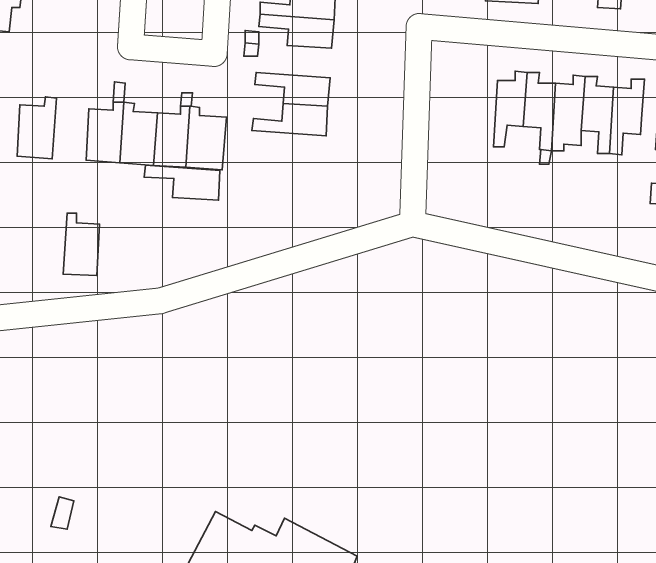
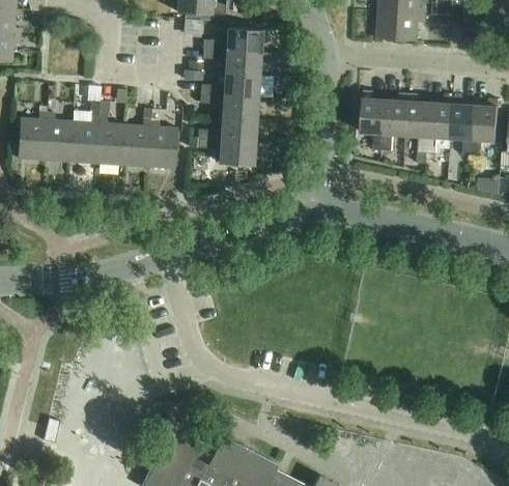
building: none -> [200,73,258,97]
building: none -> [360,90,386,150]
building: [144,165,220,200] -> [196,138,254,165]
building: [63,213,99,275] -> [44,113,72,161]

